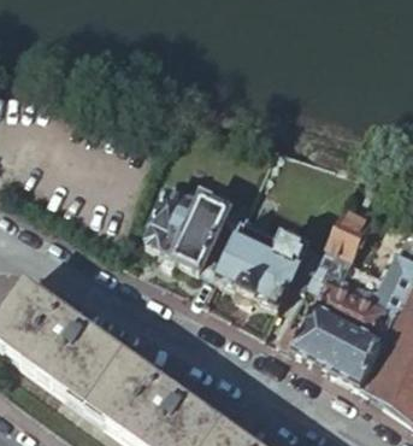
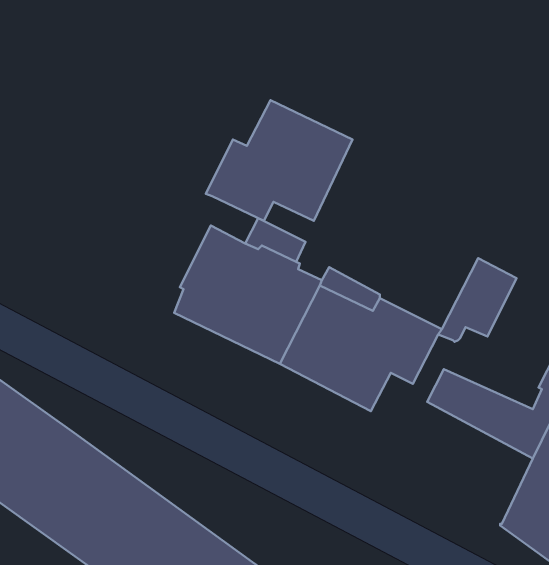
building: none -> [206,100,352,221]
building: [289,298,382,378] -> none

